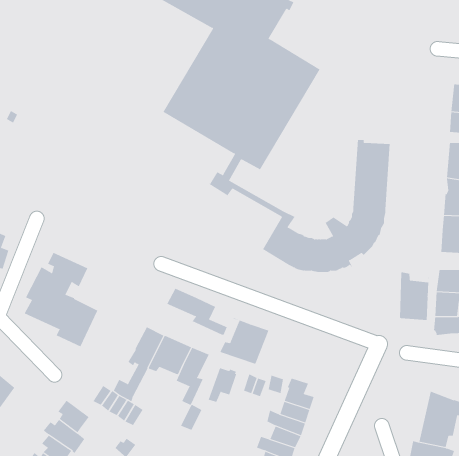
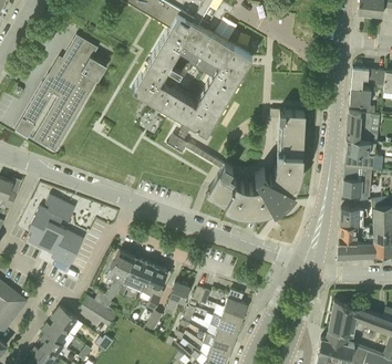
building: none -> [14,35,106,153]
building: [399,271,429,321] -> none
building: [167,288,228,336] -> none
building: [220,318,269,365] -> none

